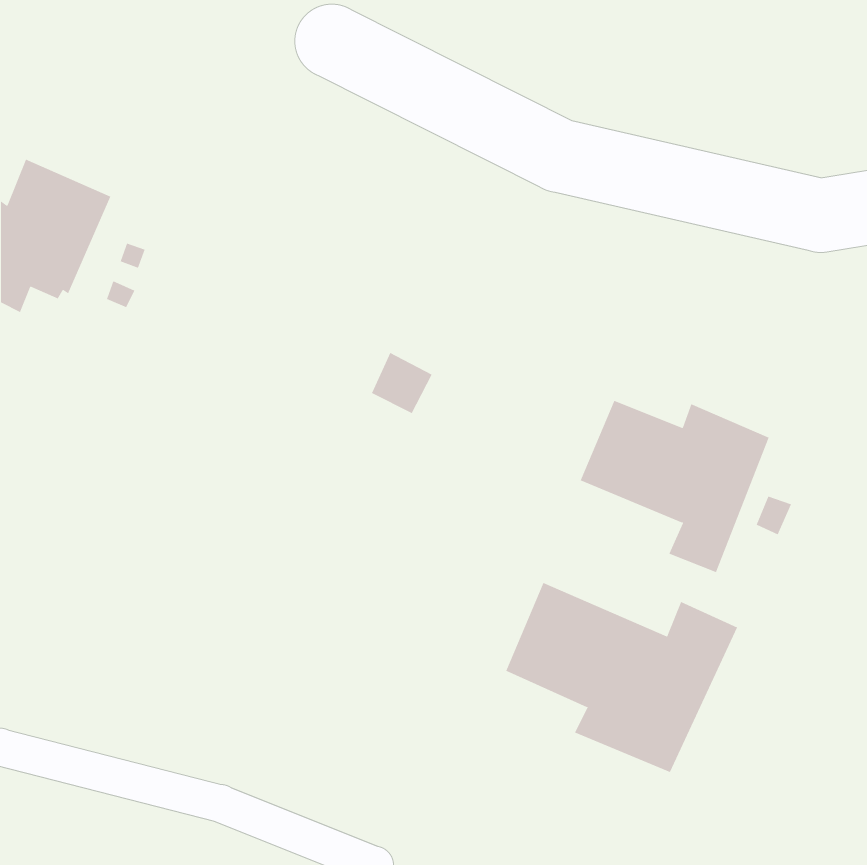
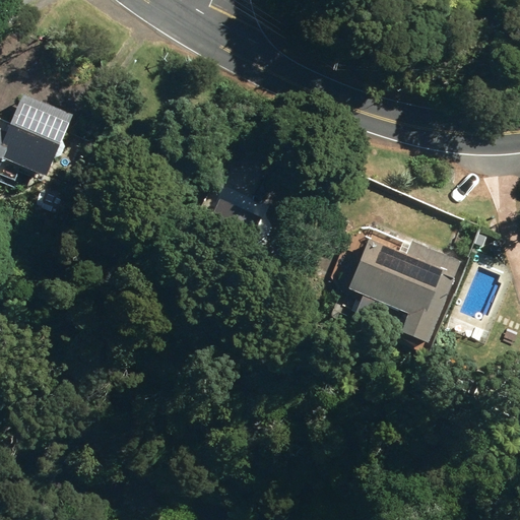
building: [505,582,738,773] -> none

